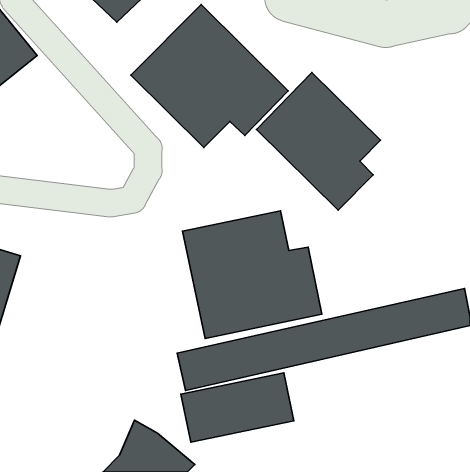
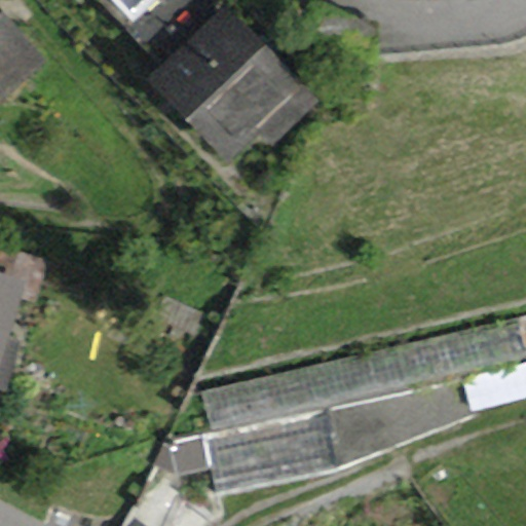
building: [256,72,380,210] -> none
building: [182,211,322,338] -> none

